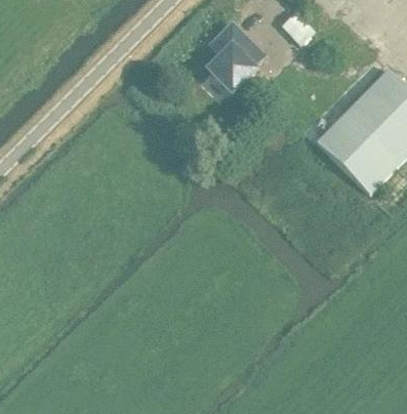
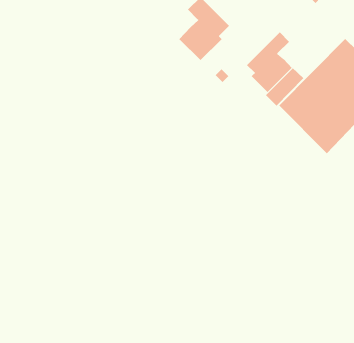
building: none -> [246,32,292,93]

